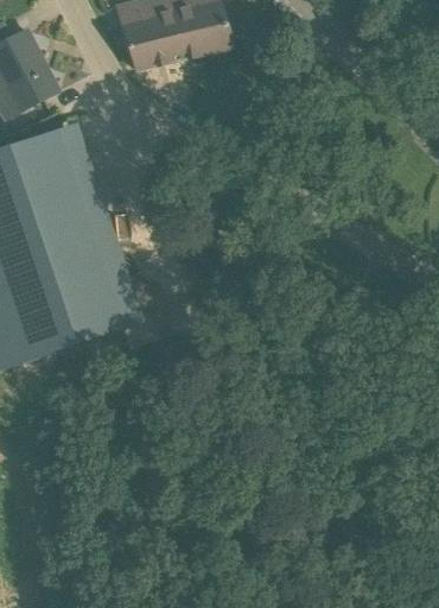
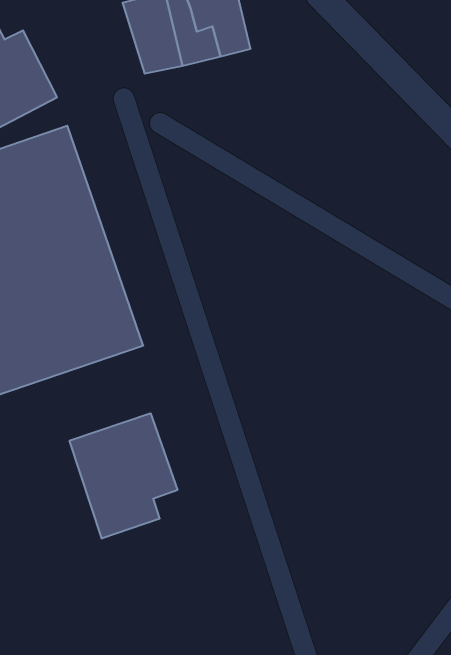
building: none -> [70,413,177,539]

